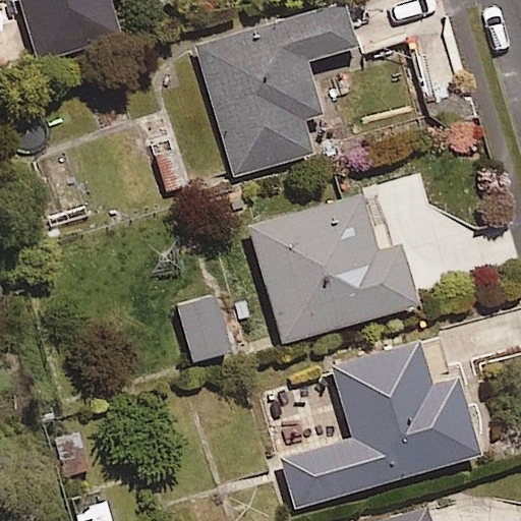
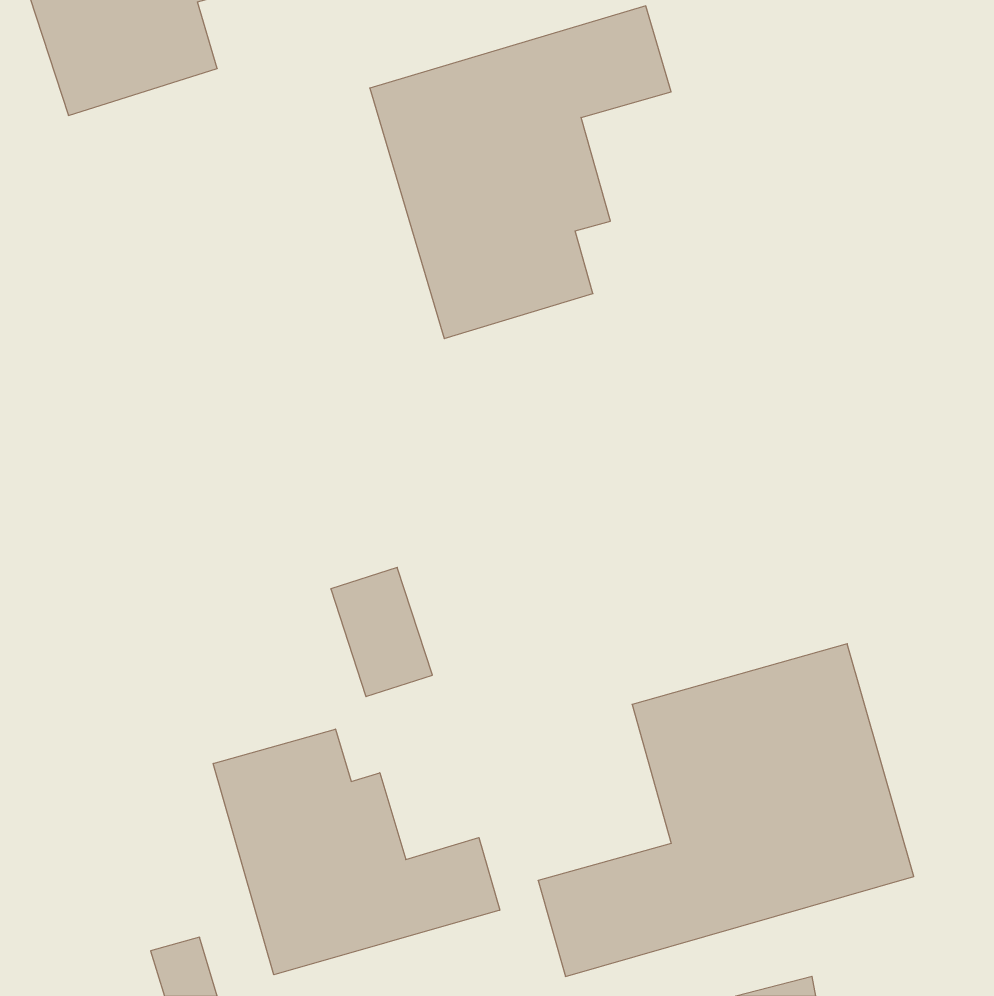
building: [250,190,411,342] -> none
building: none -> [213,729,500,975]

